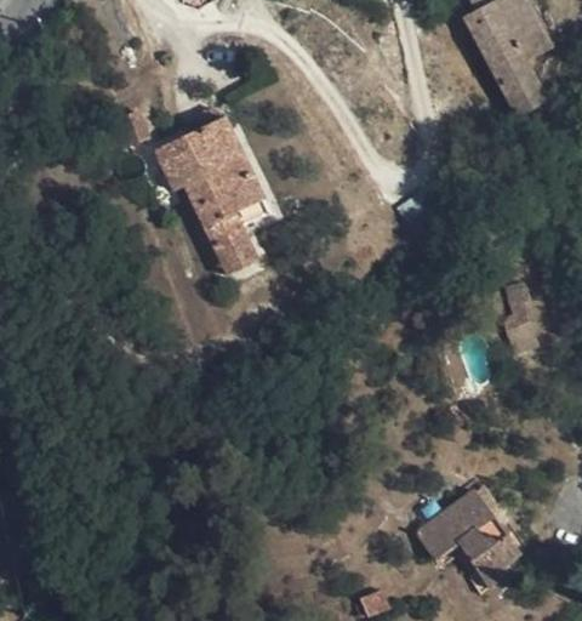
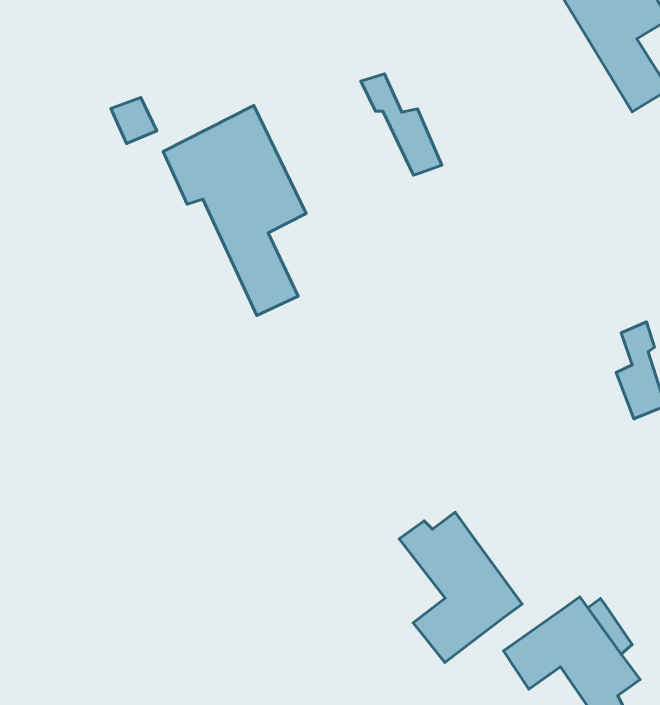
building: none -> [361,74,442,175]
building: none -> [399,512,522,663]

